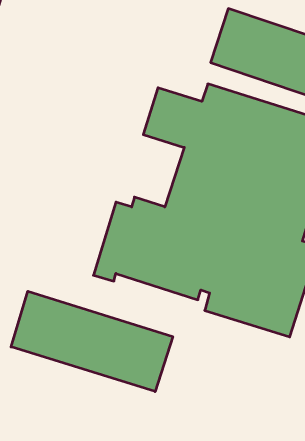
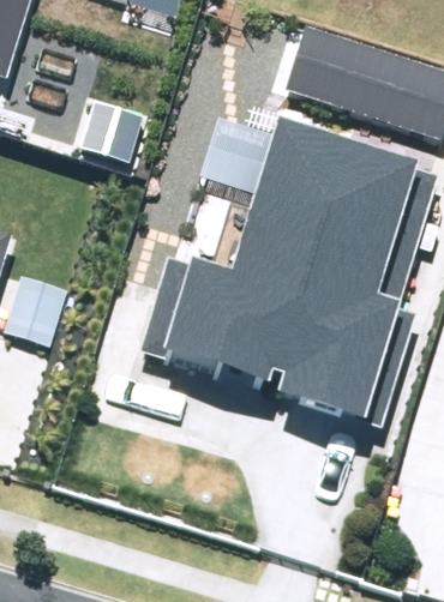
building: [11,291,173,392] -> none

